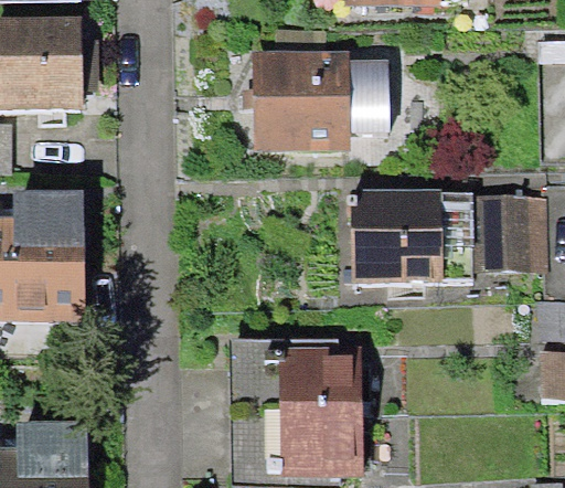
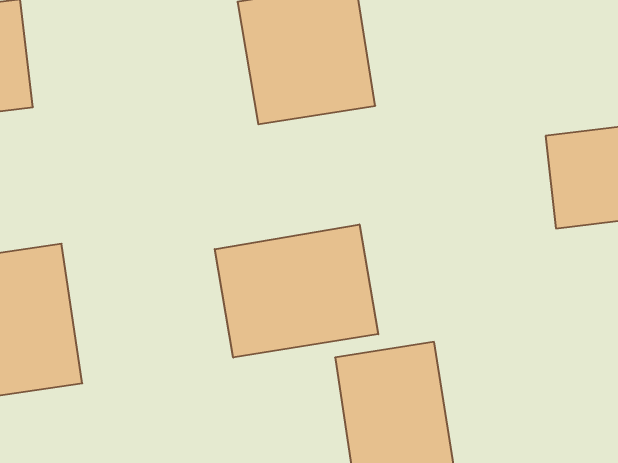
building: [345,185,445,280] -> none
building: none -> [215,224,378,358]

